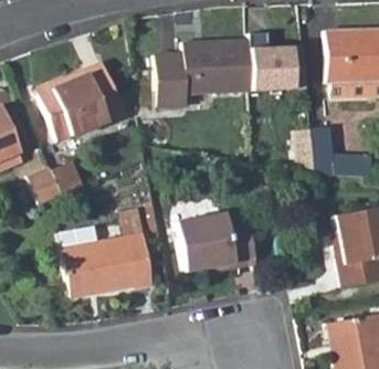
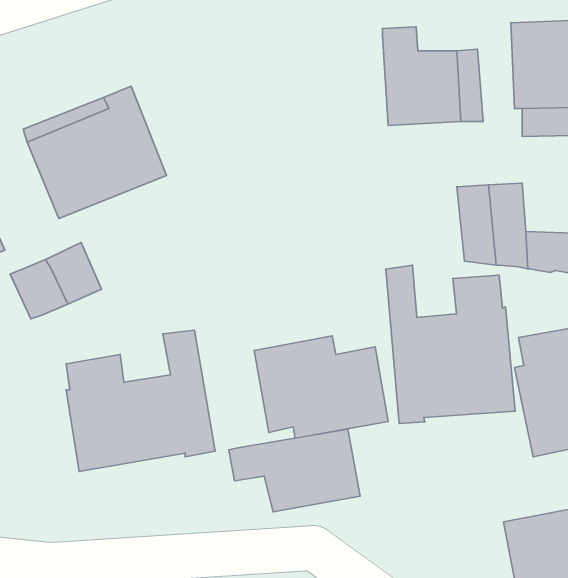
building: [161,36,255,105] -> none
building: none -> [386,265,515,423]
building: none -> [229,429,360,512]

